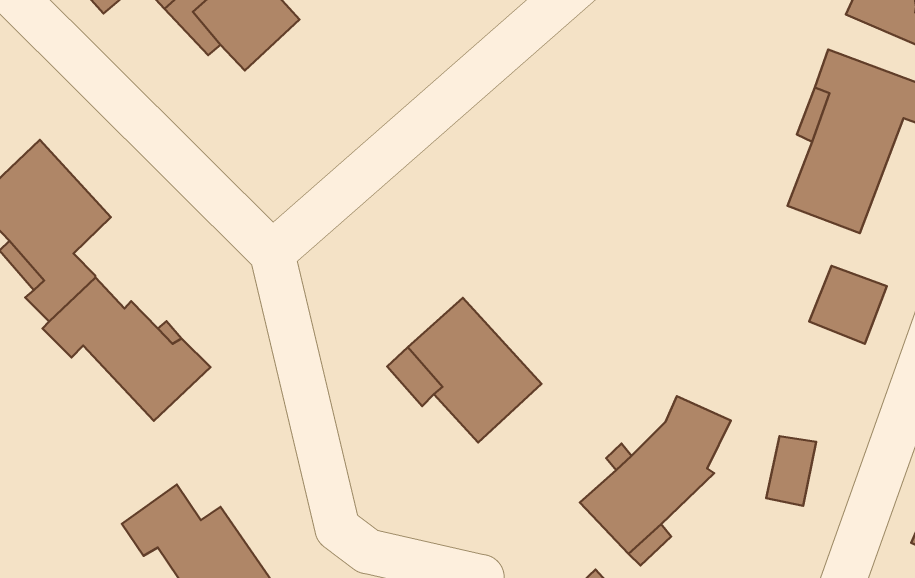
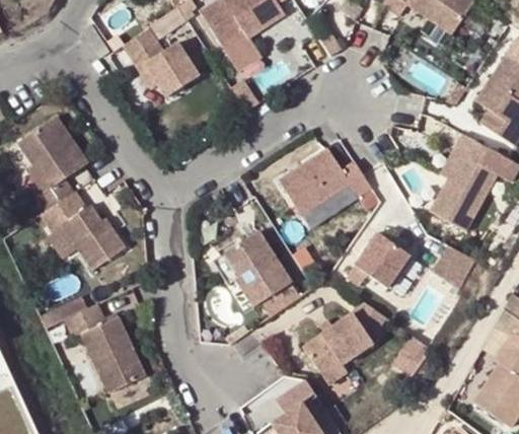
building: none -> [280,149,372,214]
building: none -> [347,235,410,290]

